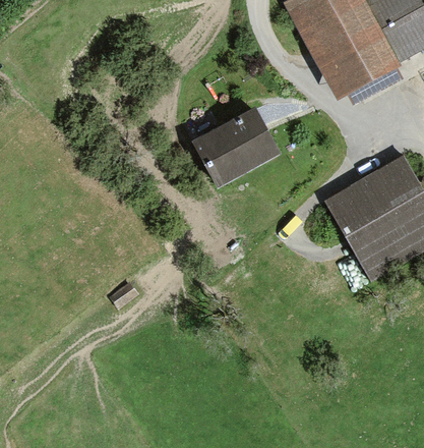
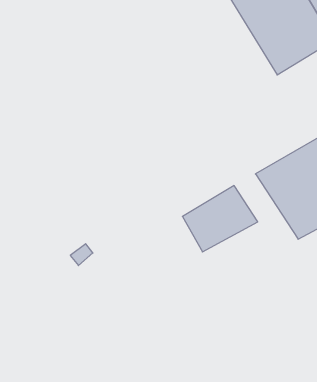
building: [194,106,279,180] -> [182,186,258,252]

